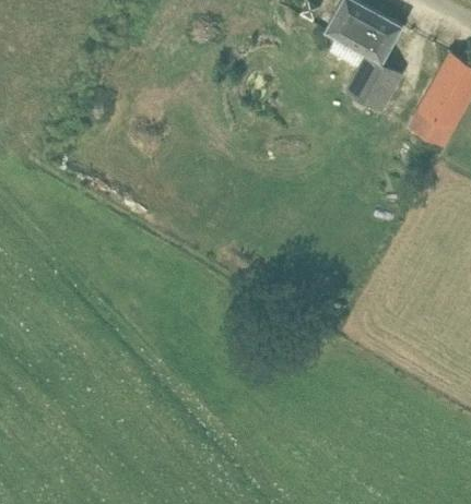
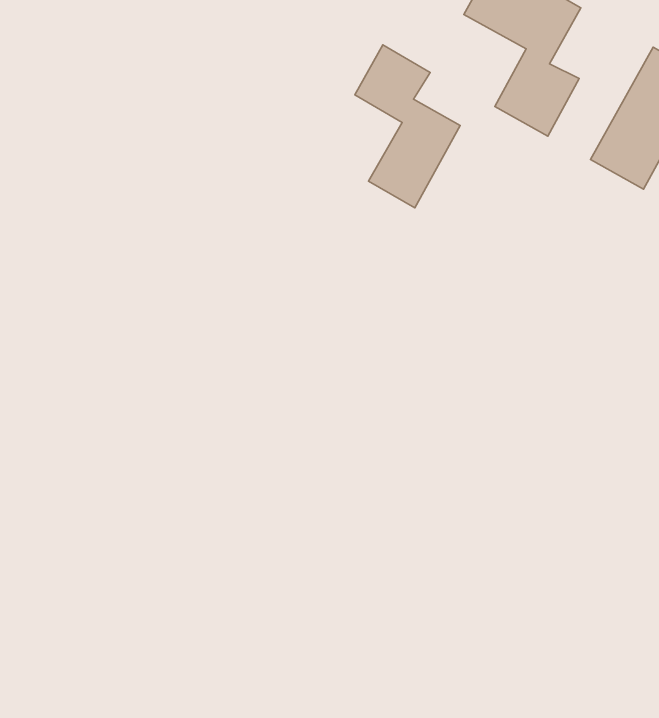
building: none -> [355,45,460,208]

